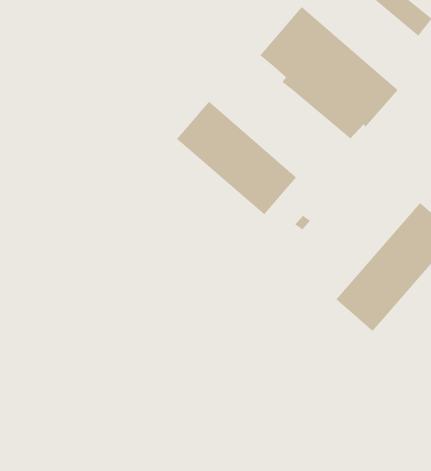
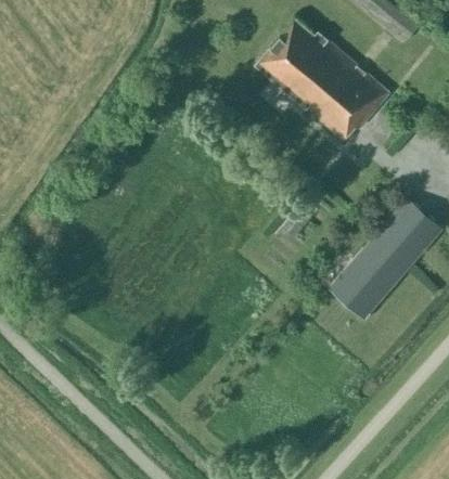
building: [176,101,297,215] -> none

